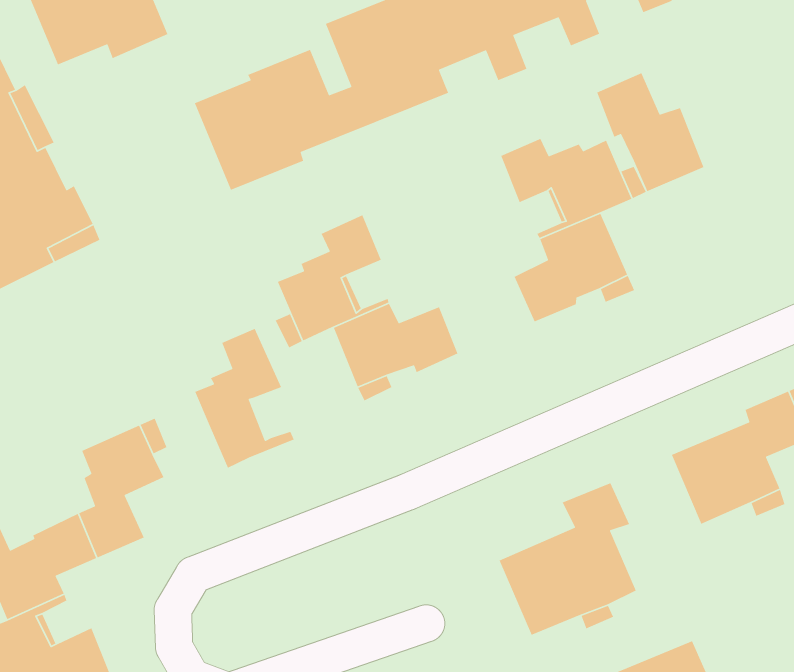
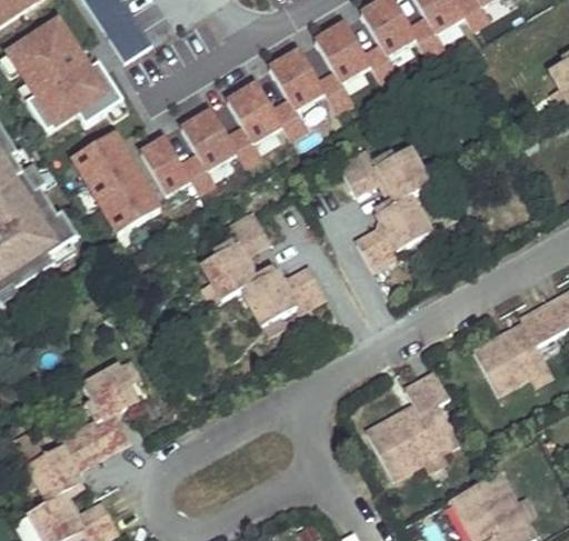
building: [596,72,705,192] -> none
building: none -> [69,131,156,236]
building: [194,328,295,469] -> none

